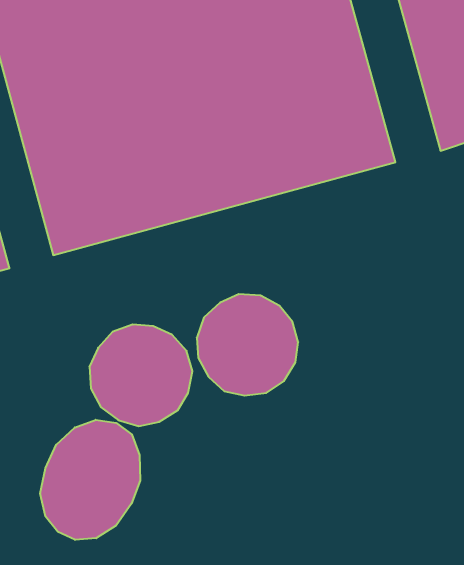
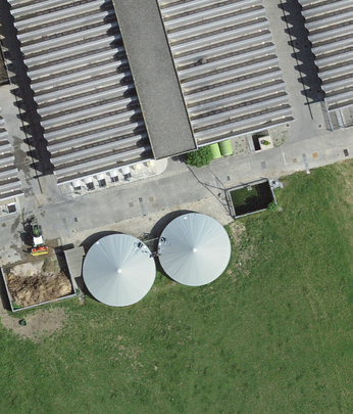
building: [40,420,140,540] -> none

